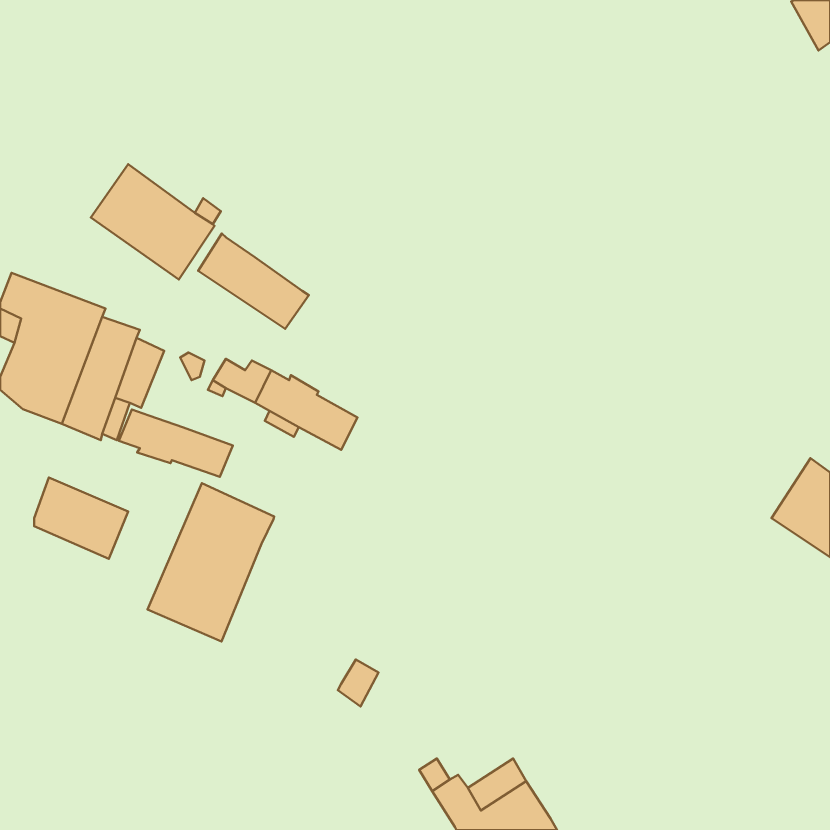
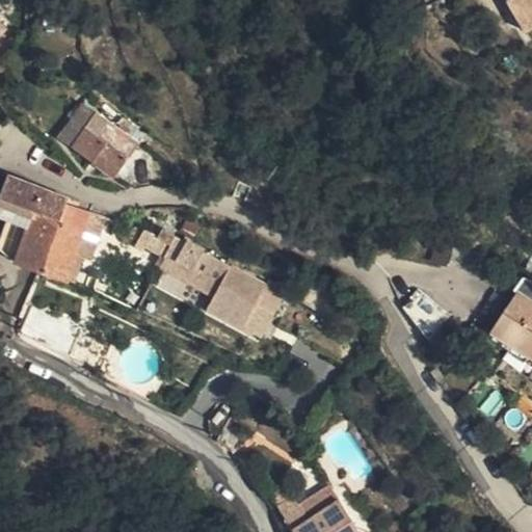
building: [198,234,309,329] -> none
building: [119,409,233,477] -> none
building: none -> [207,267,270,337]
building: [148,483,274,642] -> none

